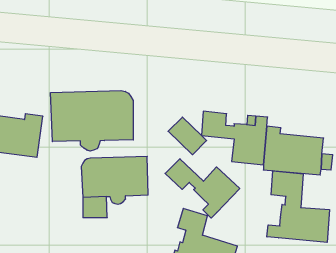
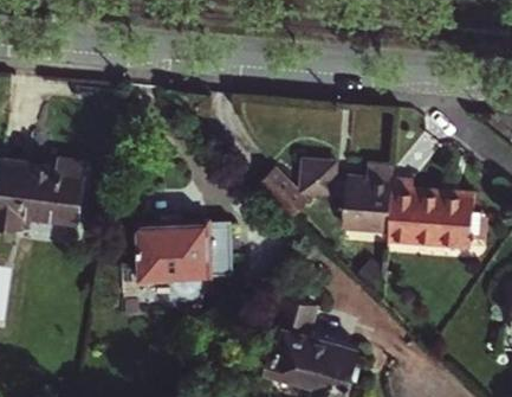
building: [51,91,133,151] -> none
building: [165,159,240,218] -> none
building: [267,171,329,242] -> none

